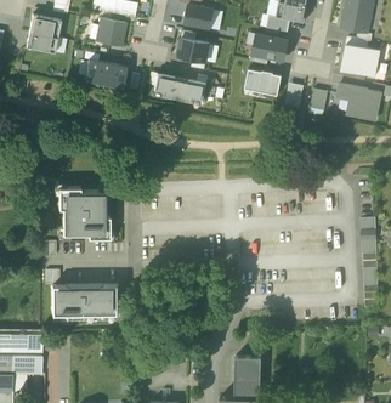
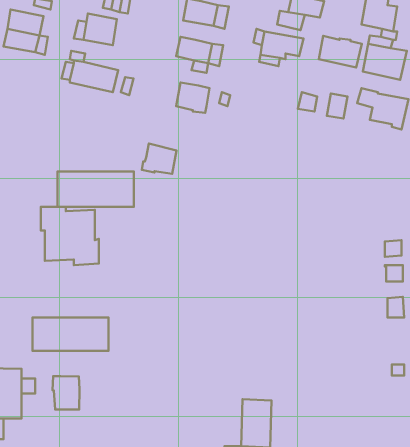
building: [244,68,282,96] -> [319,36,362,67]
building: [151,73,181,100] -> [142,144,176,174]
building: none -> [58,172,134,207]
building: none -> [53,376,80,410]

